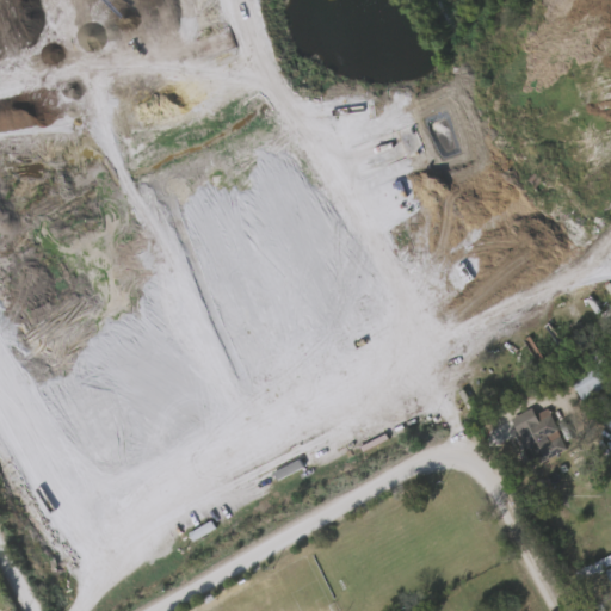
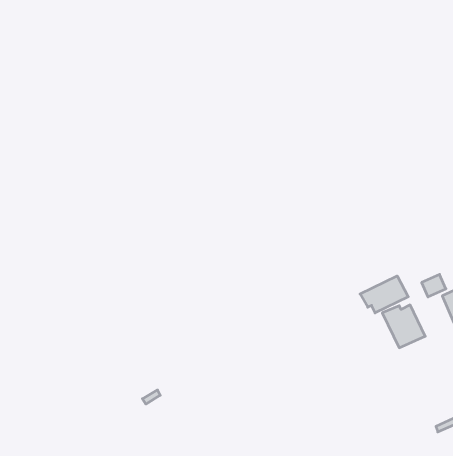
building: none -> [360,276,408,313]

